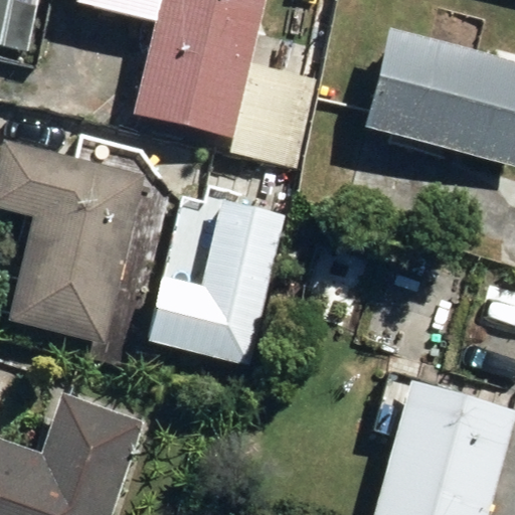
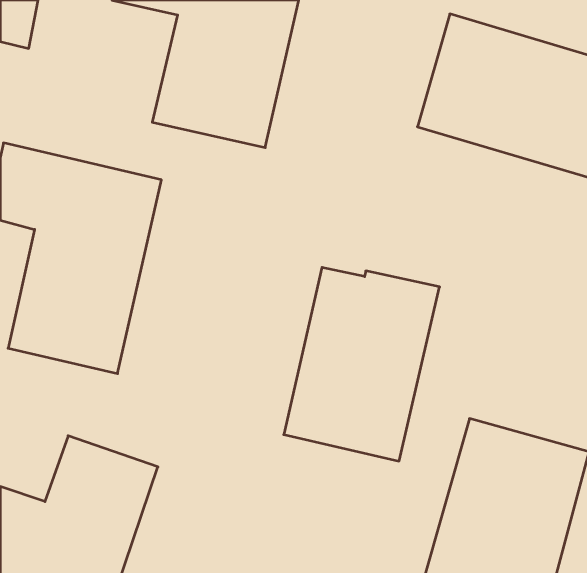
building: [149,194,285,363] -> [284,267,440,461]

